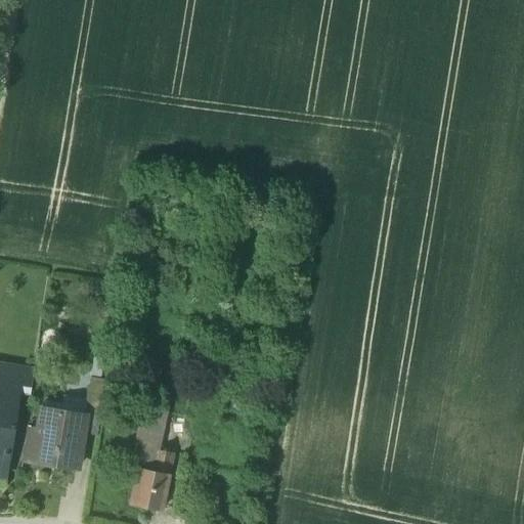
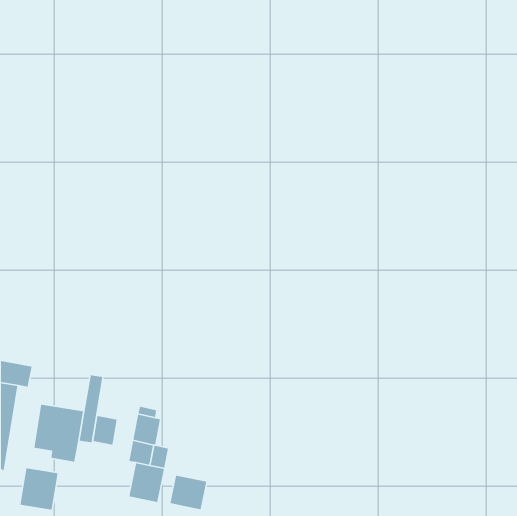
building: none -> [92,415,117,445]
building: none -> [20,467,58,511]
building: none -> [170,475,207,510]

